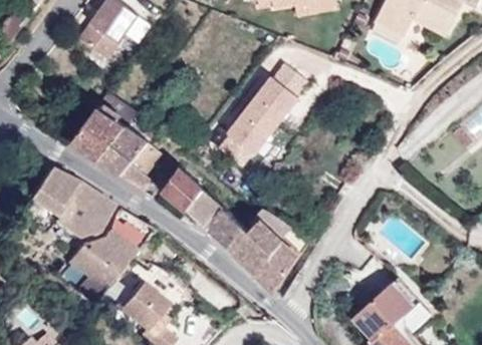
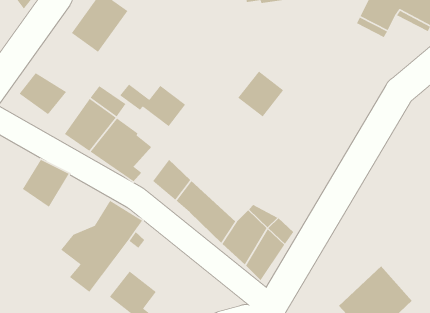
building: none -> [19,72,67,115]
building: none -> [119,84,186,127]
building: [228,104,275,152] -> none
building: [52,182,112,237] -> none

